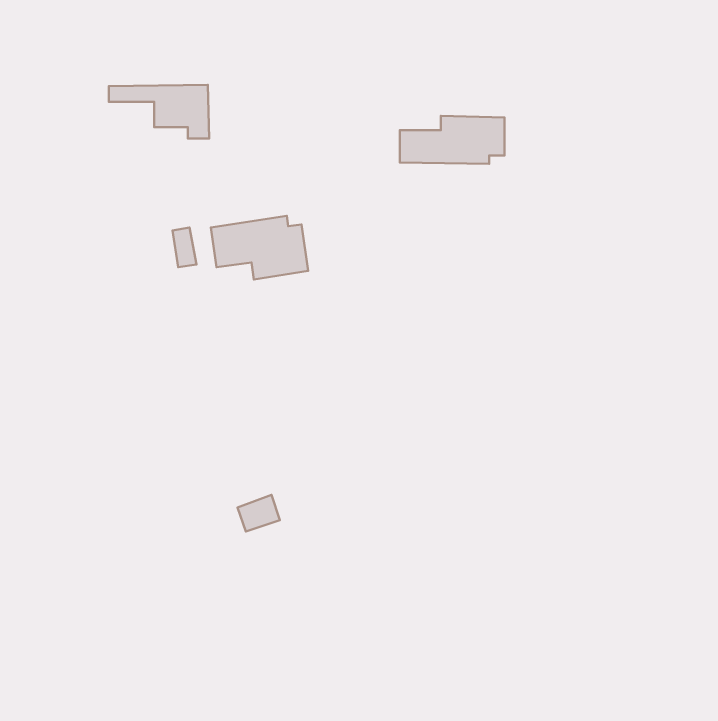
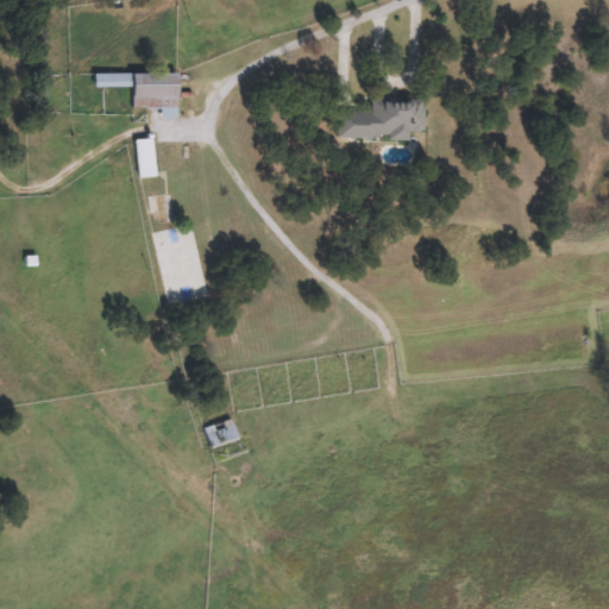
building: none -> [137,137,155,176]
building: [211,216,308,280] -> none

